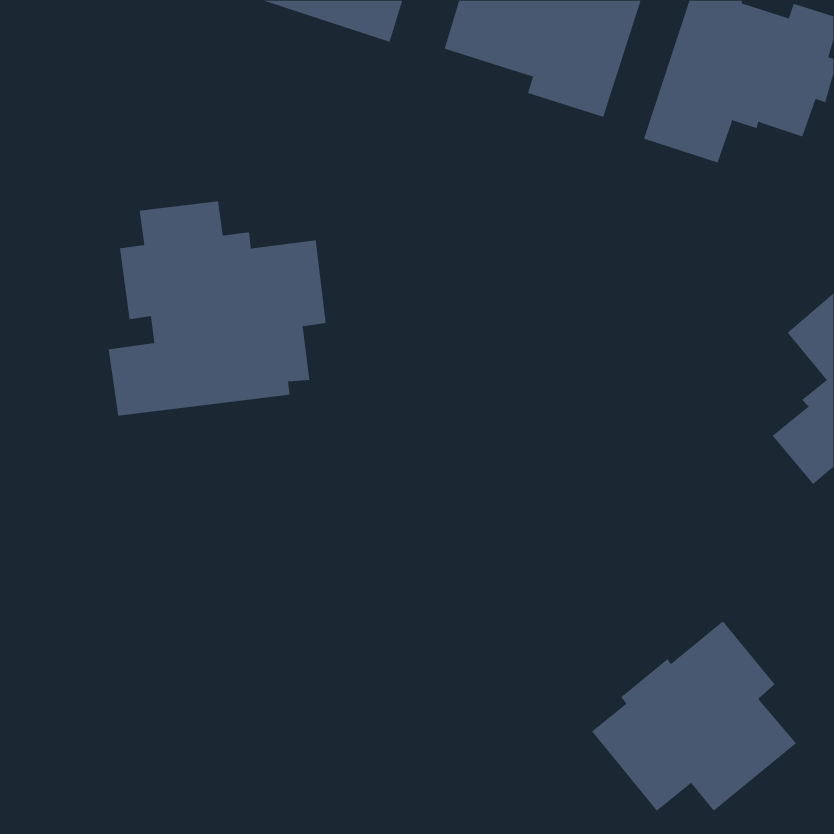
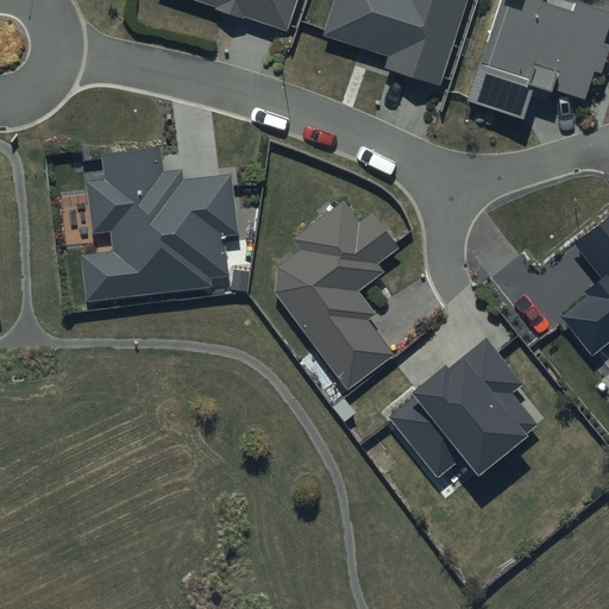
building: none -> [275,200,400,391]
building: [591,621,797,812] -> [390,337,540,476]

